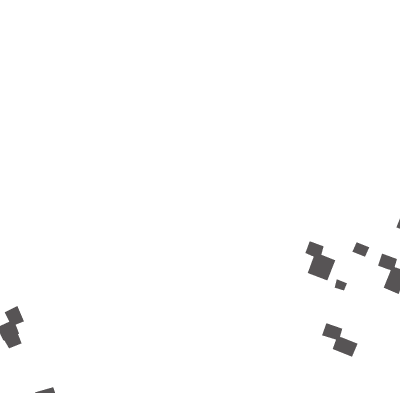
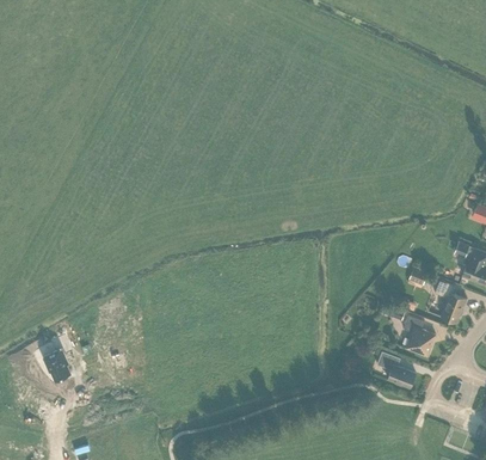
building: [305,241,336,281] -> [402,312,435,354]

